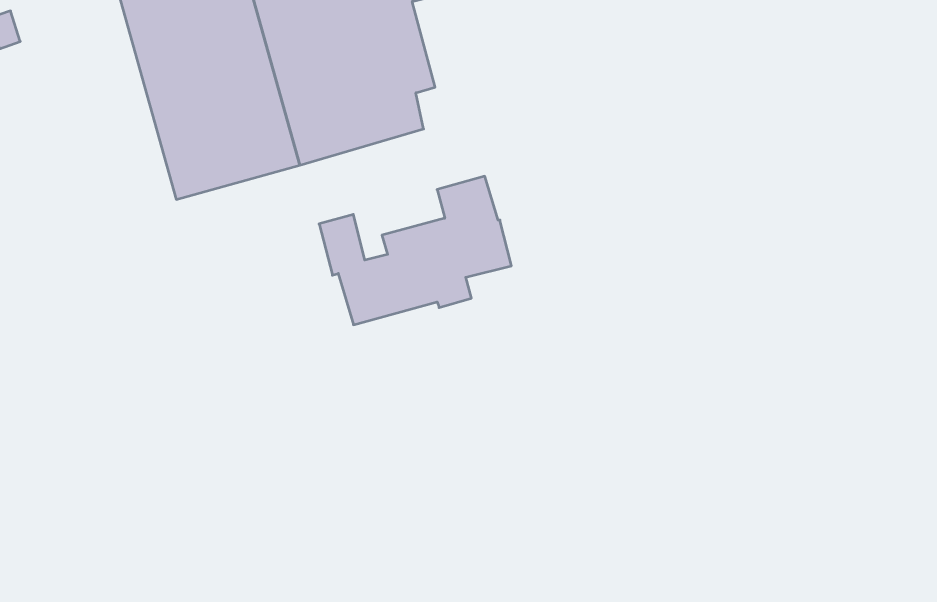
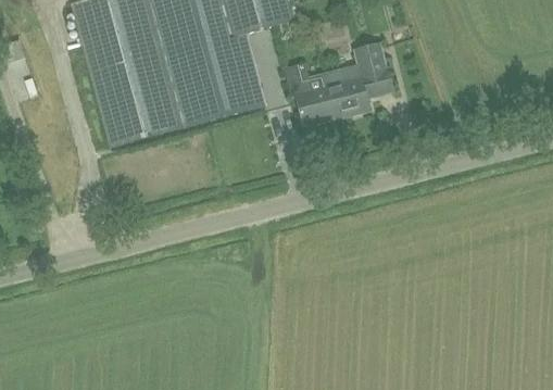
building: [319,176,511,325] -> [282,41,392,126]

